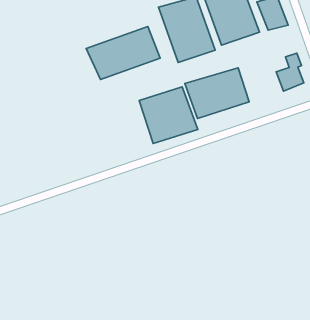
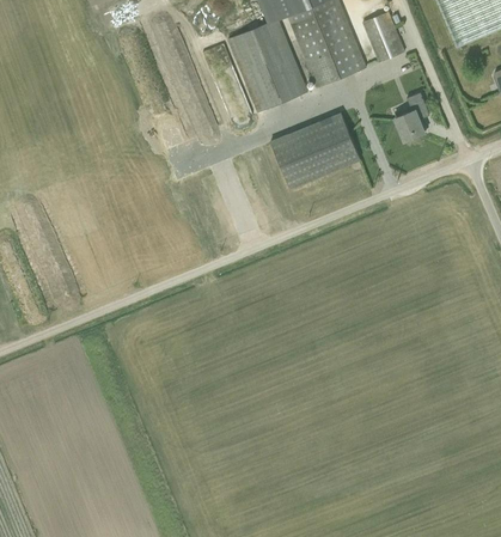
building: [86,27,160,79] -> none
building: [139,87,198,143] -> none

